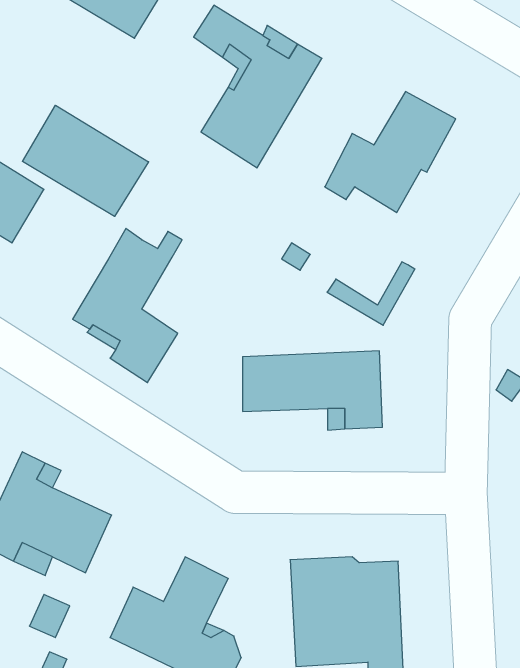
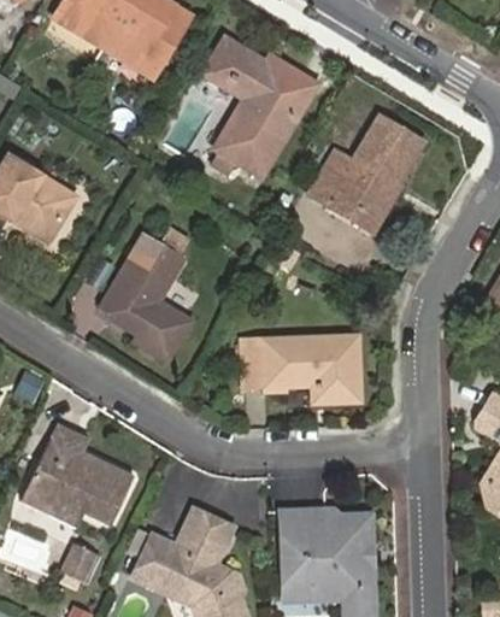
building: [22,105,149,216] -> none
building: [327,262,415,325] -> [329,183,402,236]

